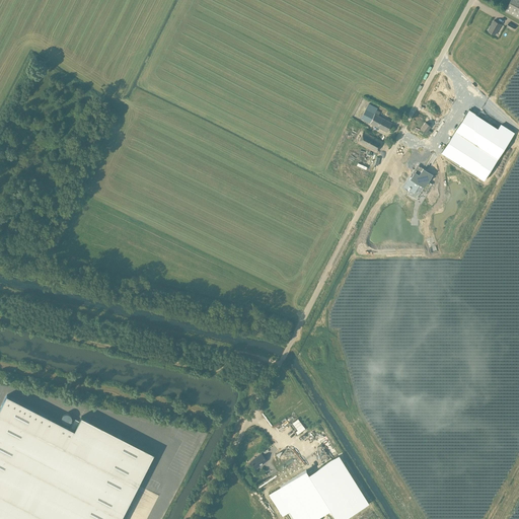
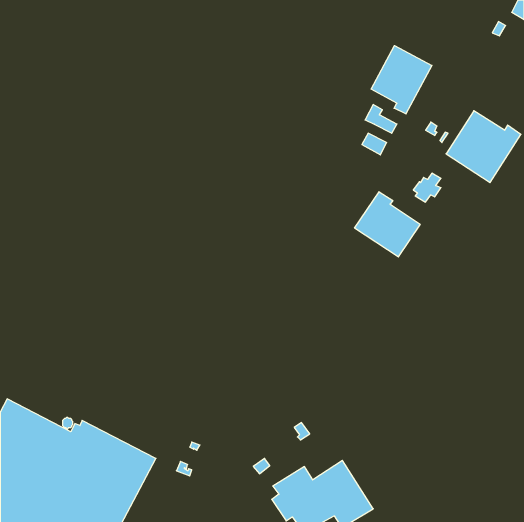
building: none -> [371,46,432,114]
building: none -> [355,192,420,257]

